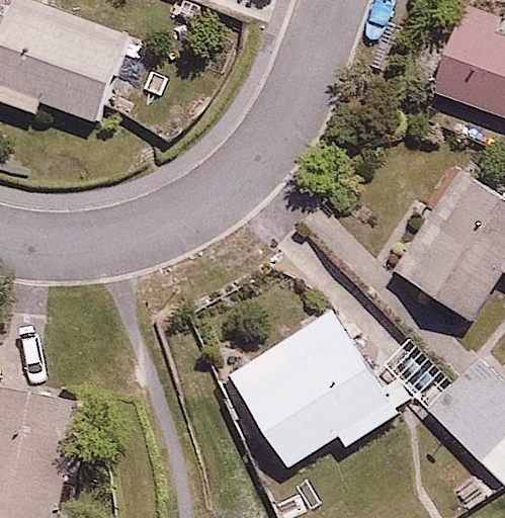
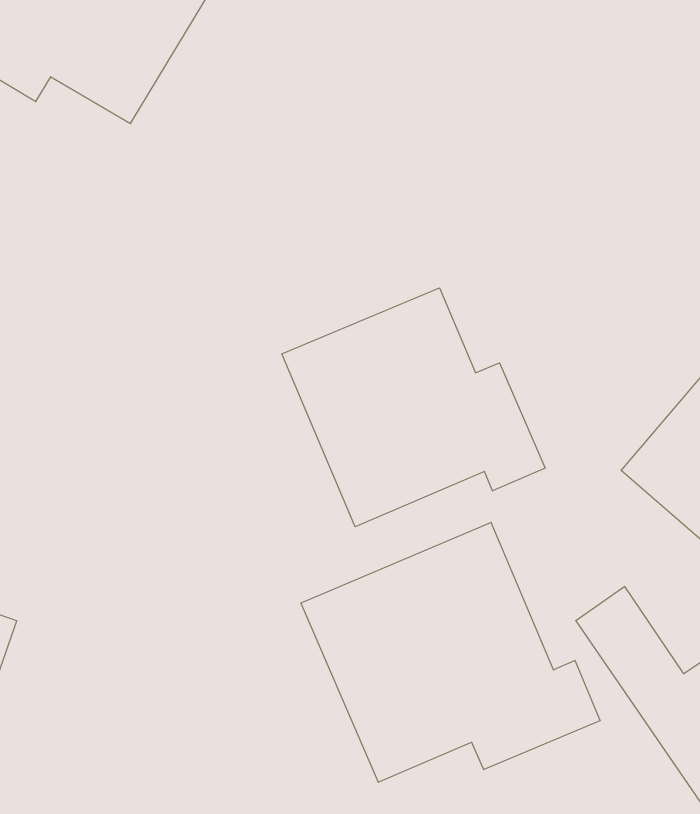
building: none -> [282,288,545,527]

